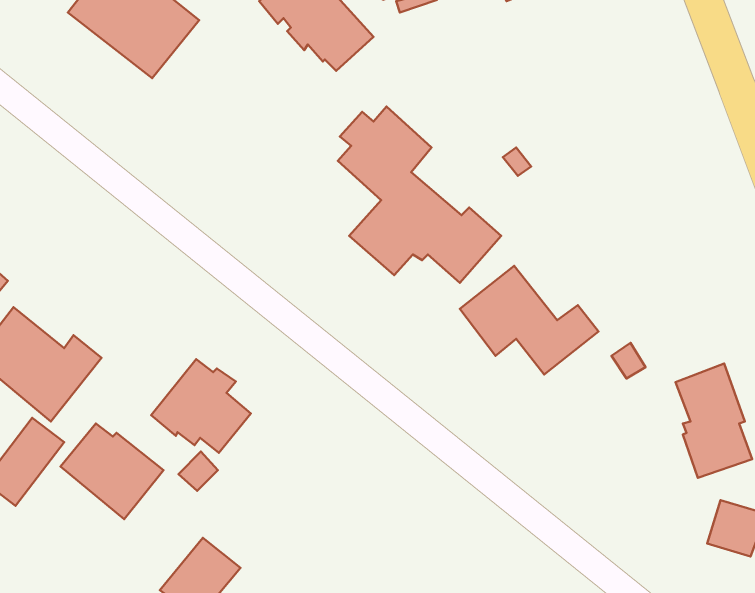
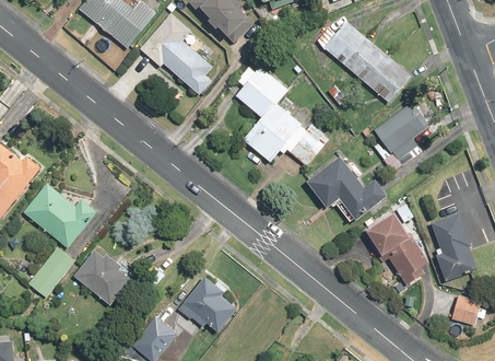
building: none -> [140,14,214,95]
building: none -> [323,21,410,100]
building: none -> [373,104,431,160]
building: [151,359,251,453] -> [178,276,236,330]
building: none -> [364,212,428,287]

